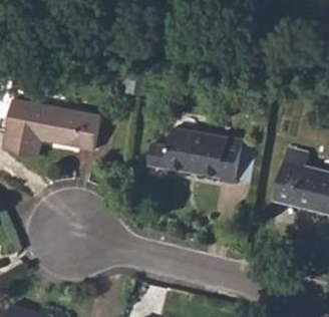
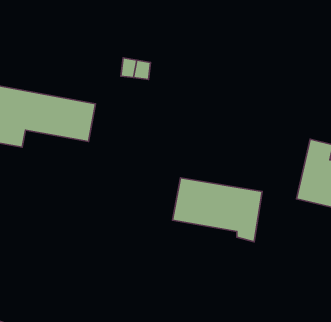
building: [163,129,242,186] -> [173,178,262,242]

